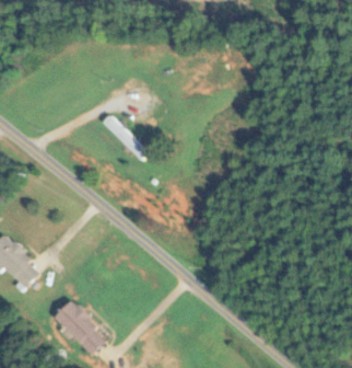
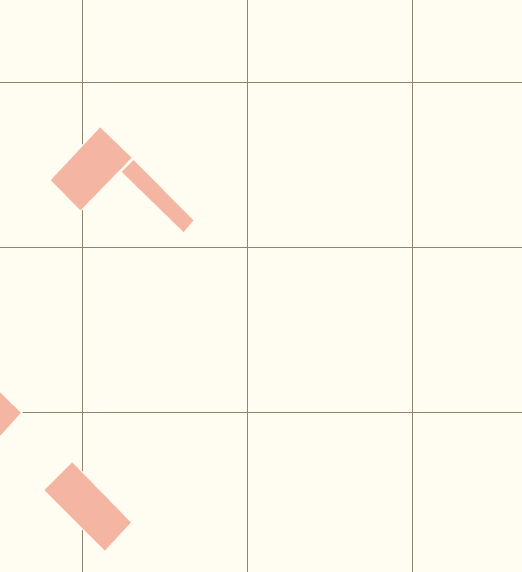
building: none -> [50,126,132,211]

